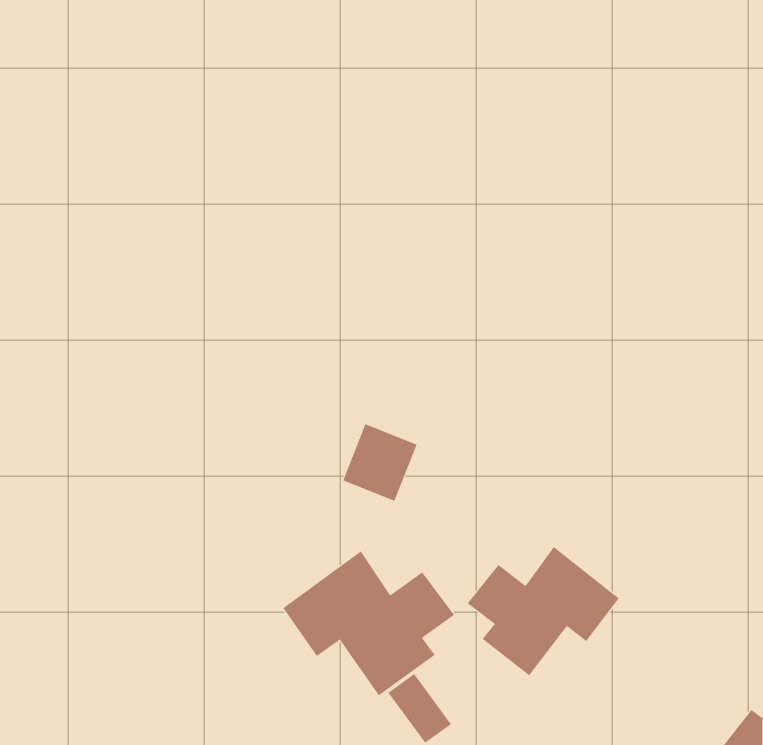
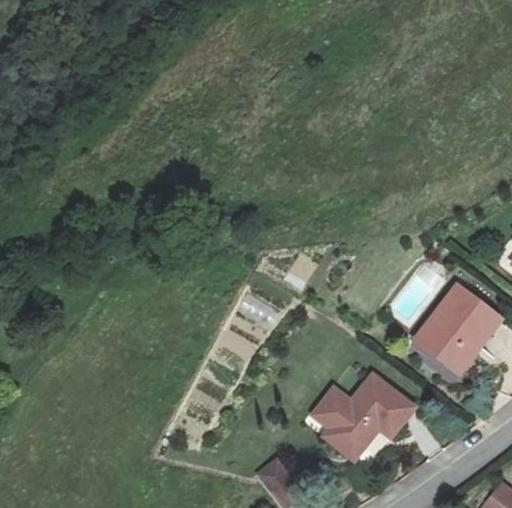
building: none -> [415,286,500,371]
building: [283,551,455,696] -> none

